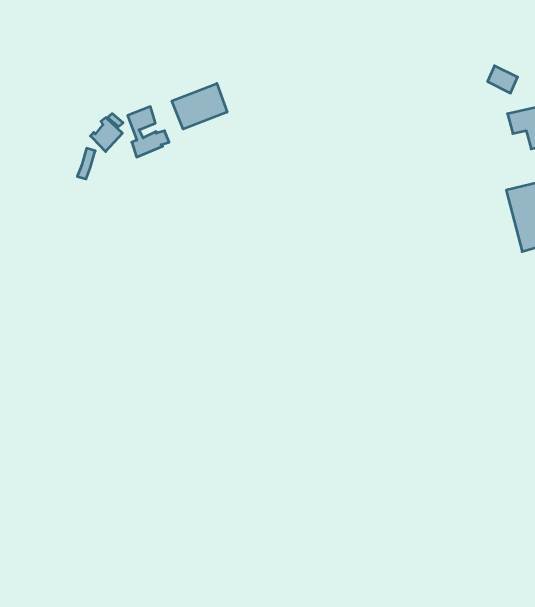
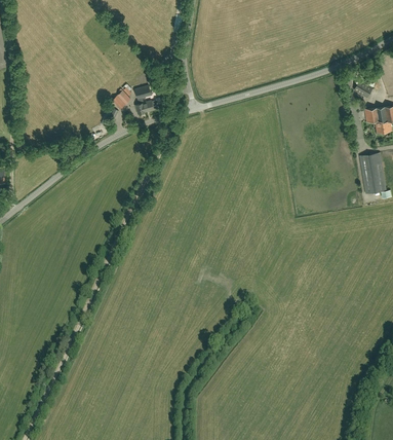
building: [172,83,227,129] -> none

